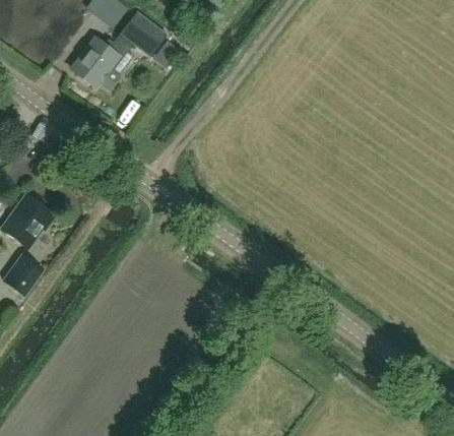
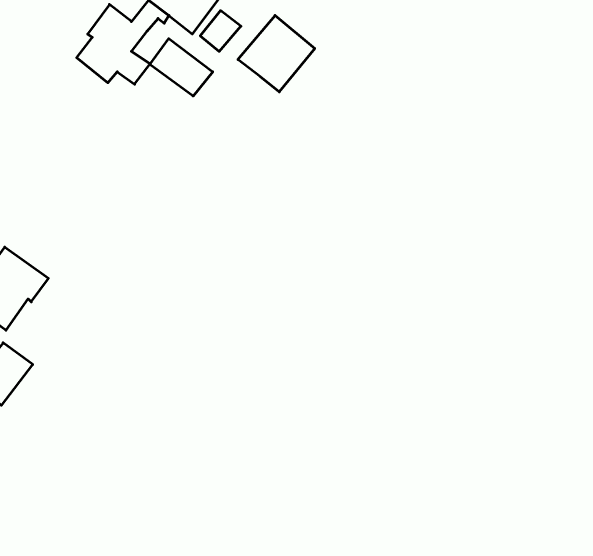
building: none -> [238,15,315,92]
building: none -> [150,39,213,96]

